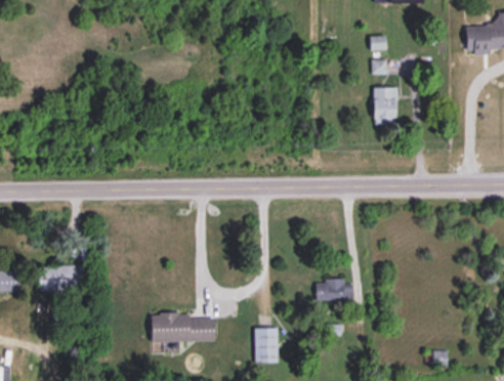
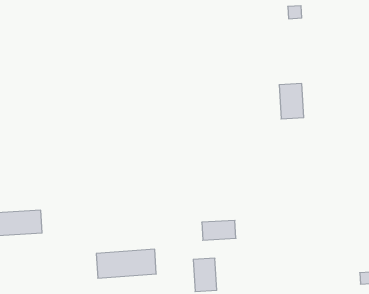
building: [373,87,397,124] -> [279,84,304,119]
building: [317,280,352,299] -> [202,220,236,240]

